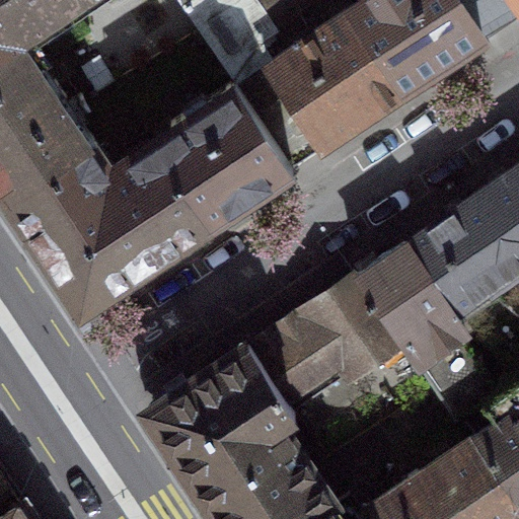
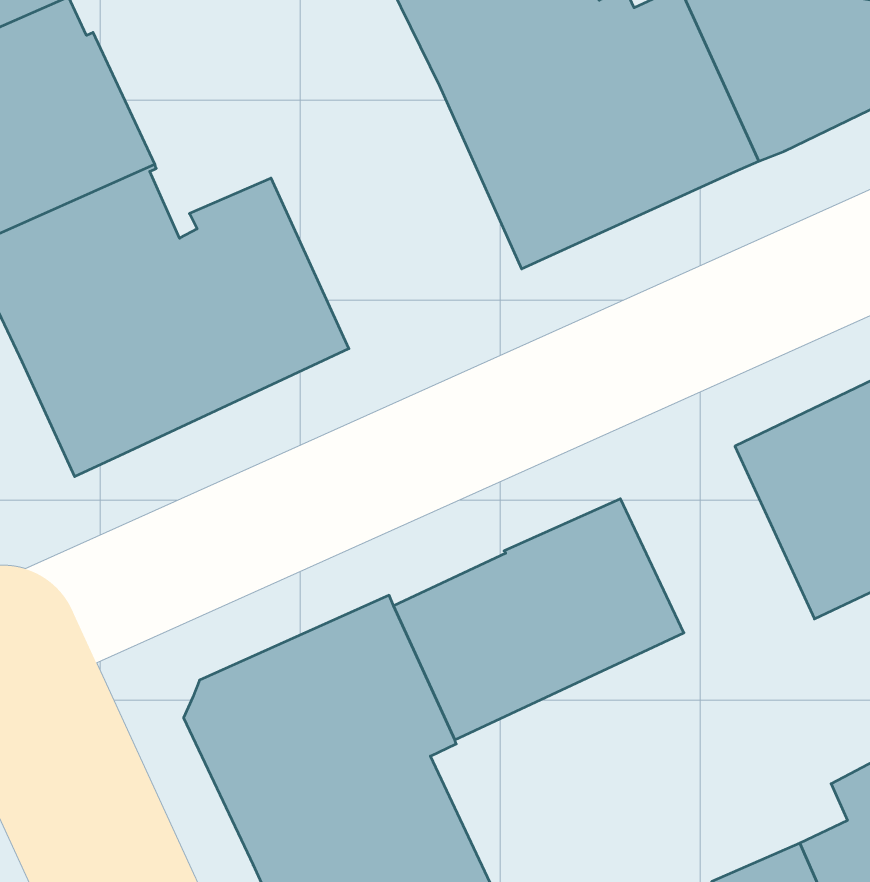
building: [156,81,290,221] -> none
building: [358,240,500,420] -> none

